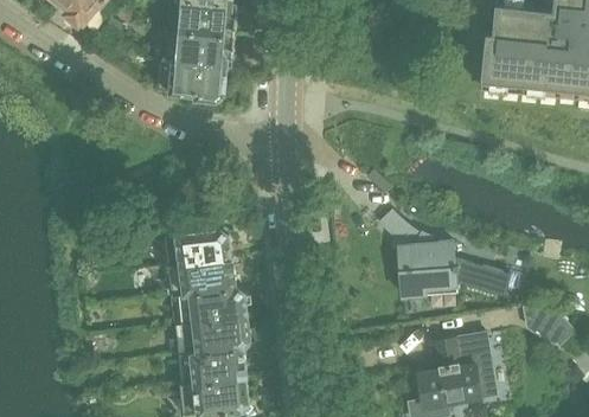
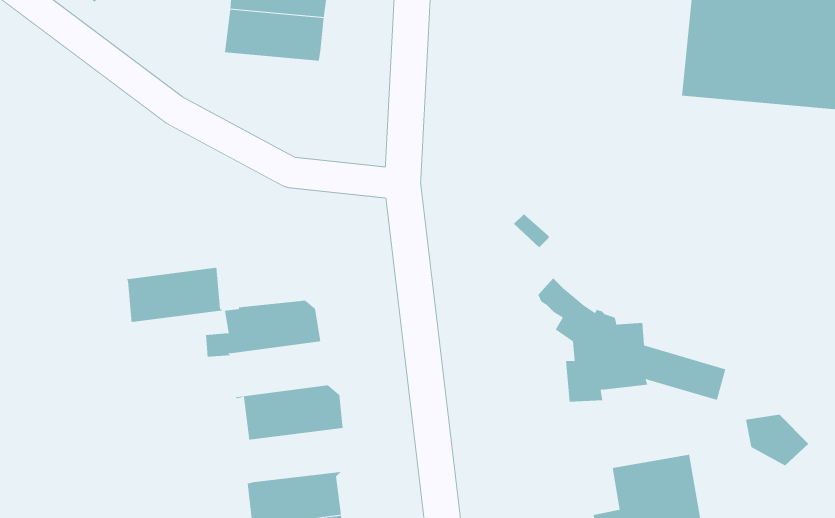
building: [160,58,232,100] -> none
building: [171,256,238,294] -> [126,267,224,323]
building: [184,315,251,352] -> none

